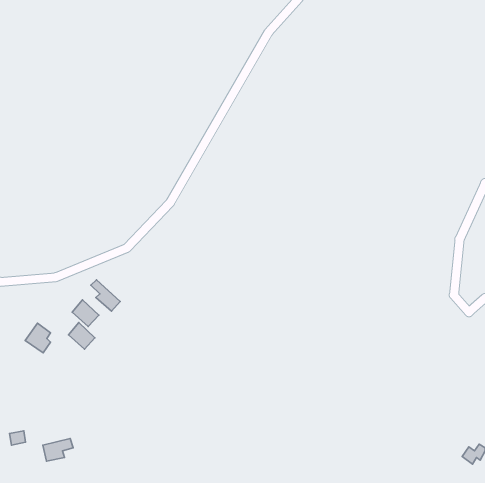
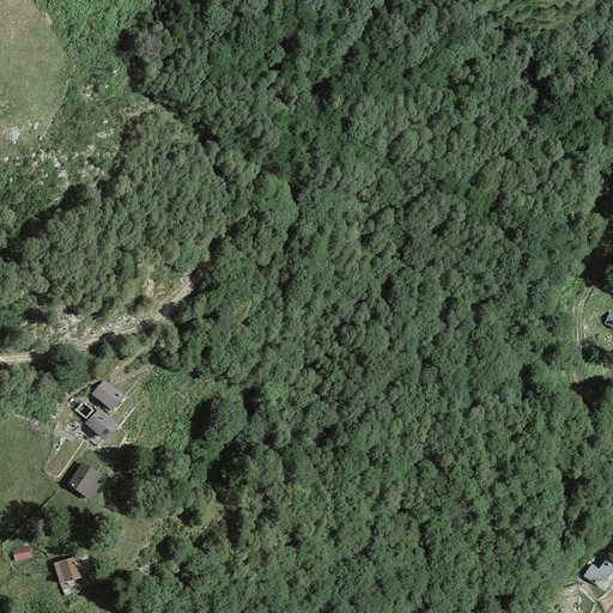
building: [91,280,120,311] -> none
building: [25,323,51,353] -> [67,462,99,499]

